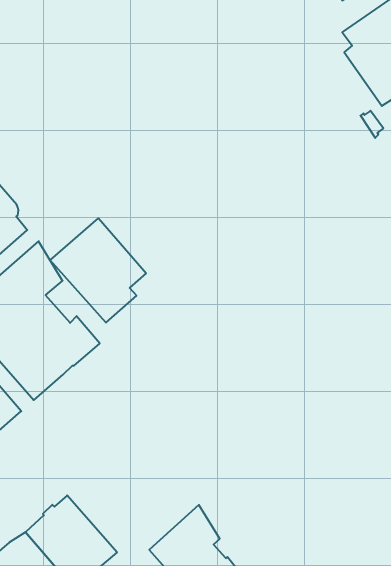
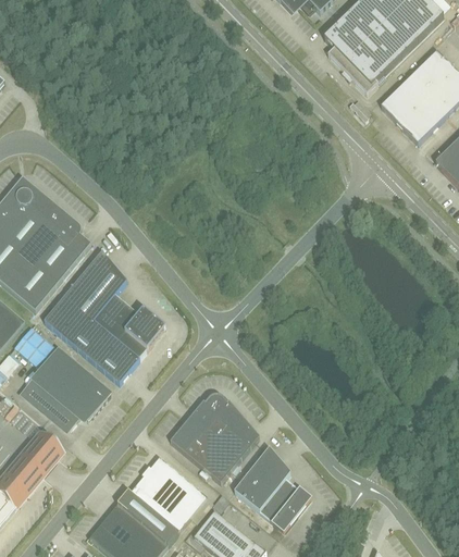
building: [50,218,146,323] -> none
building: none -> [170,394,259,482]

